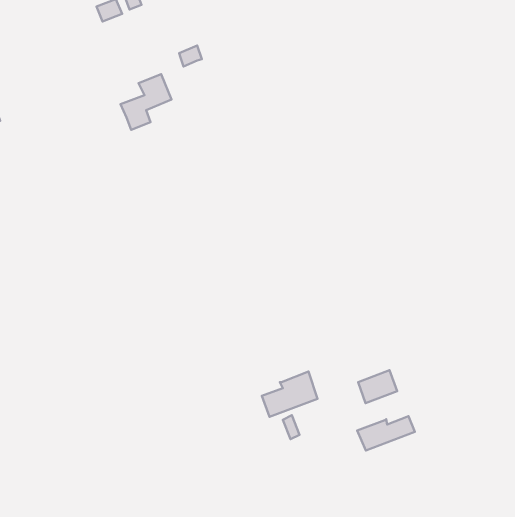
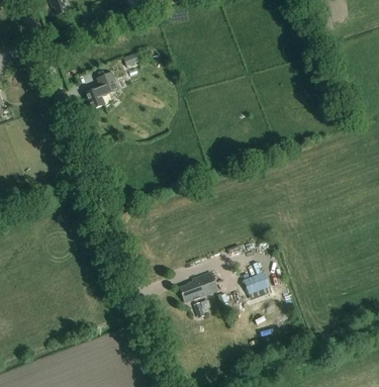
building: [357,416,415,451] -> none

